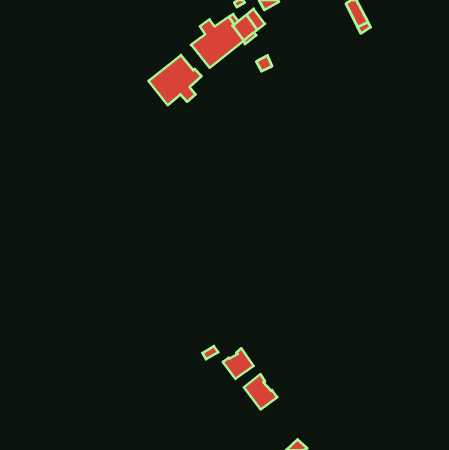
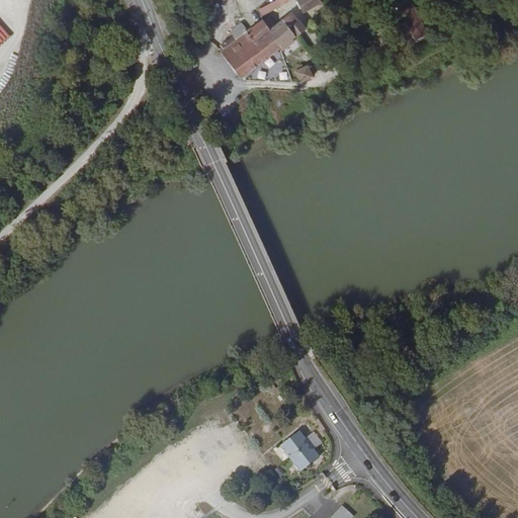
building: [149,55,201,105] -> none
building: [223,348,254,379] -> none

